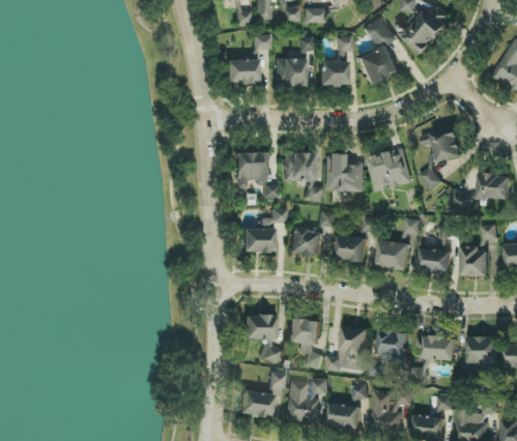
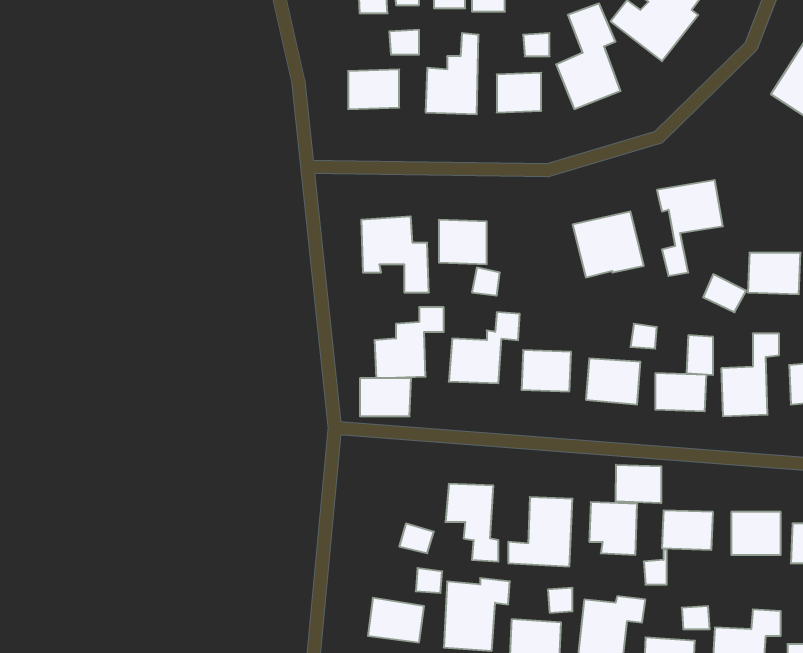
building: [326,153,364,192] -> none
building: none -> [616,465,661,503]
building: [245,315,277,339] -> [360,378,411,416]

